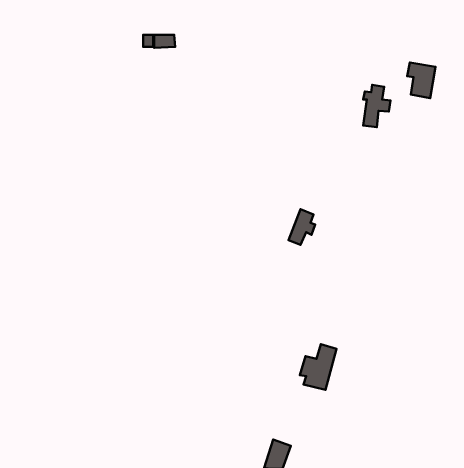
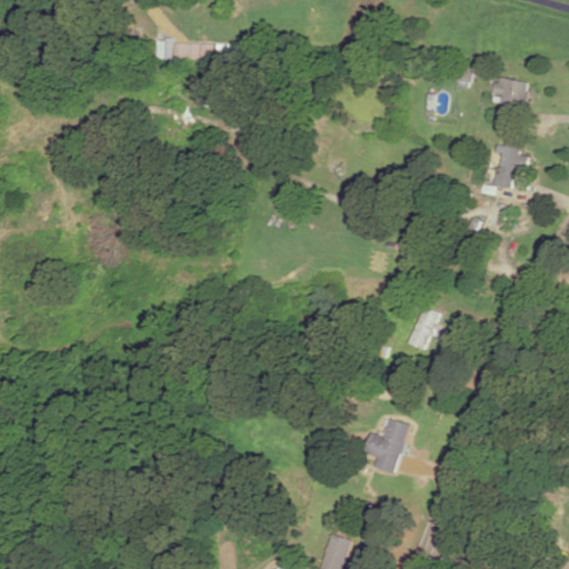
building: [363,85,391,127] -> [496,137,529,188]
building: [289,209,315,245] -> [410,306,442,349]

